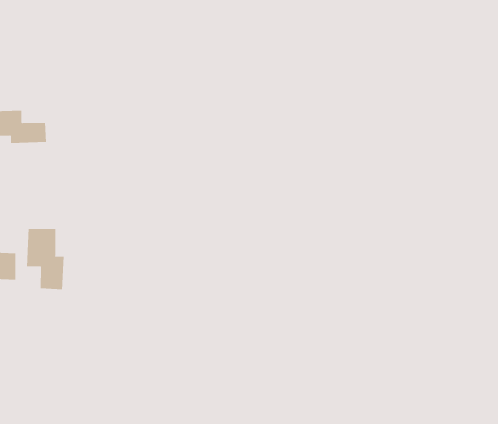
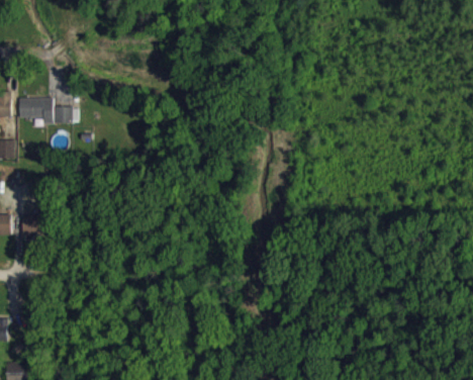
building: [26,228,64,290] -> none

